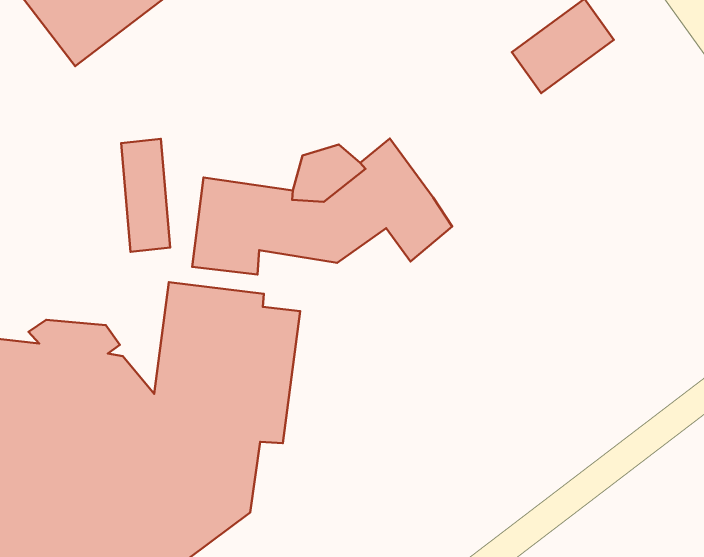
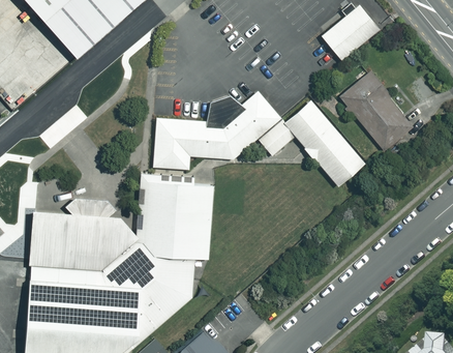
building: none -> [337,69,414,150]
building: [121,139,170,252] -> none
building: none -> [282,97,364,185]

